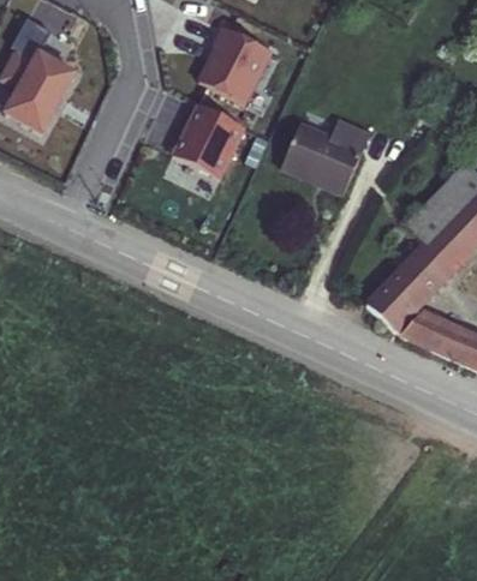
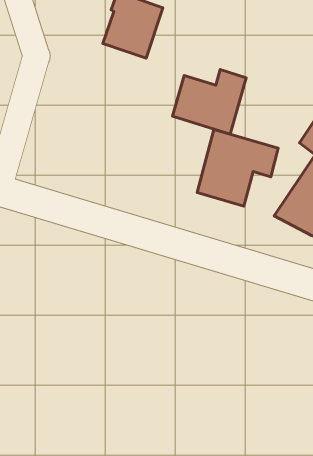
building: [171,98,243,173] -> none
building: none -> [197,129,278,206]

